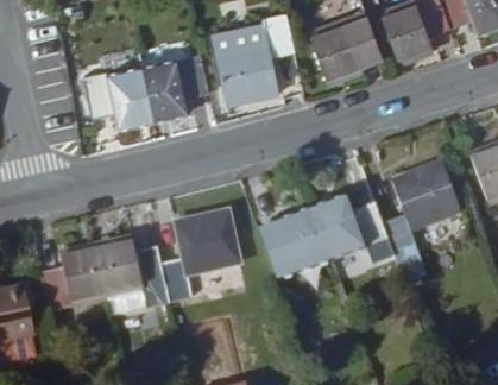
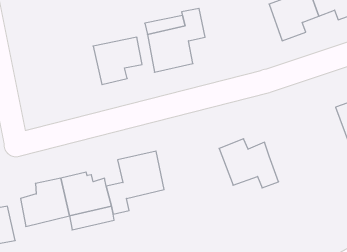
building: [309,11,378,81] -> none
building: [84,68,155,128] -> none
building: [382,159,461,279] -> none
building: [259,207,333,278] -> none

